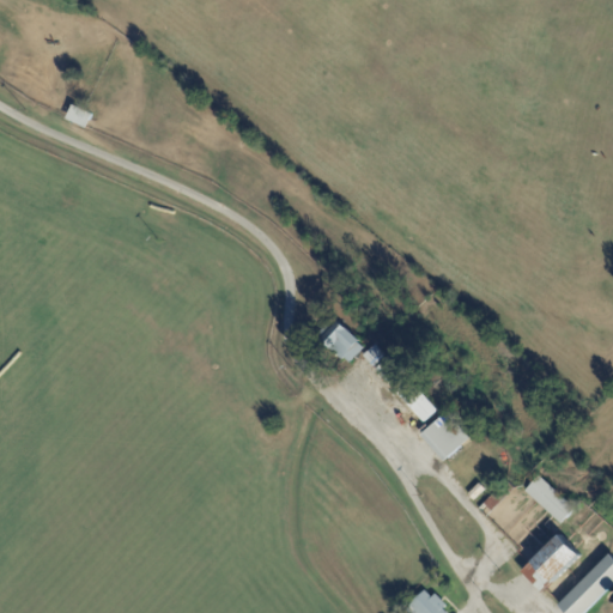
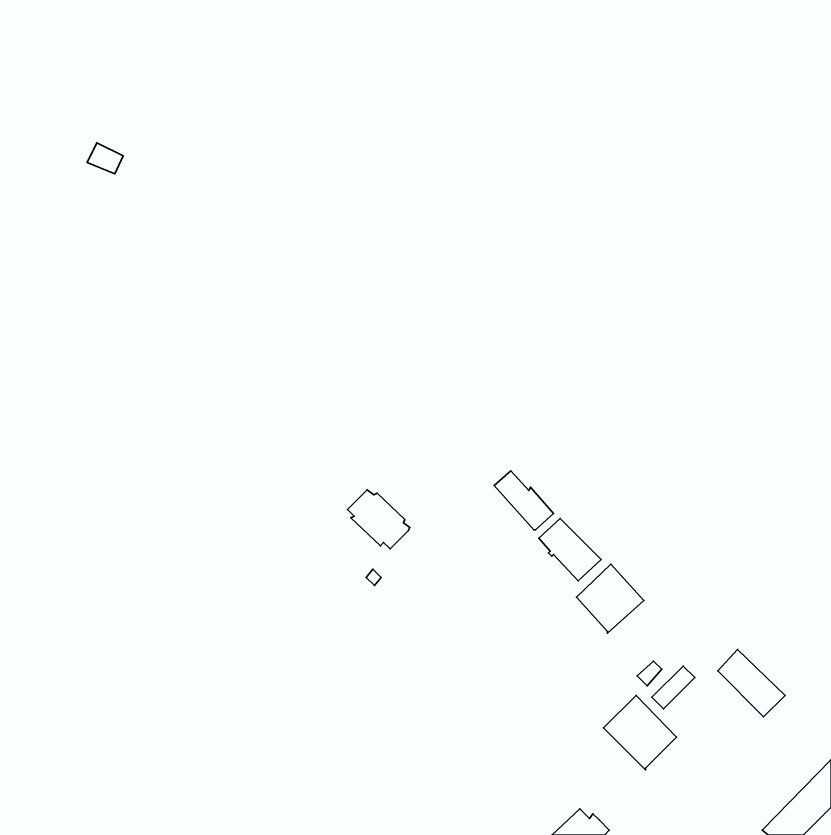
building: [316,318,362,362] -> [348,490,410,549]
building: none -> [604,695,677,770]
building: [530,534,577,582] -> none

